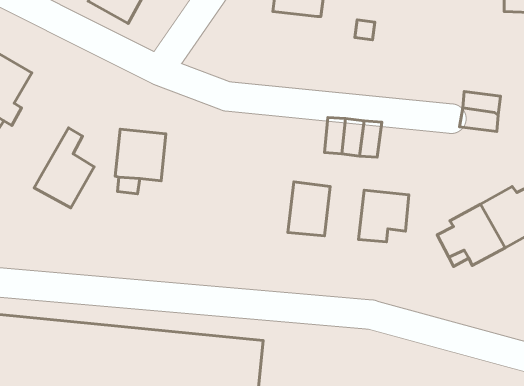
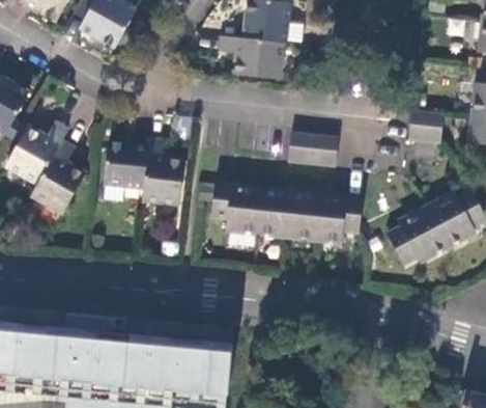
building: none -> [218,36,281,79]
building: none -> [6,123,67,183]
building: none -> [141,138,182,202]
building: none -> [209,184,260,234]
building: none -> [287,193,322,240]

